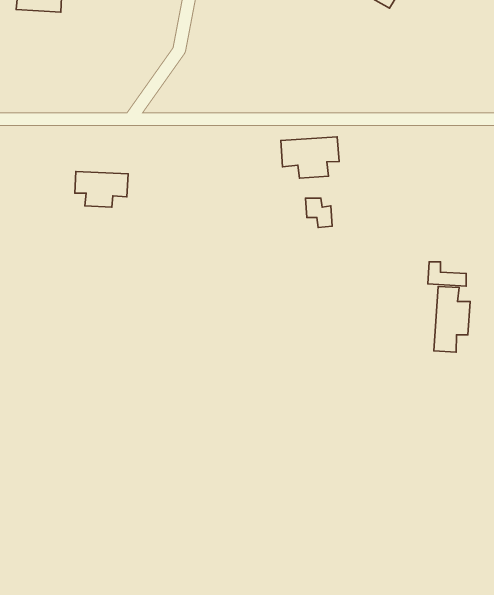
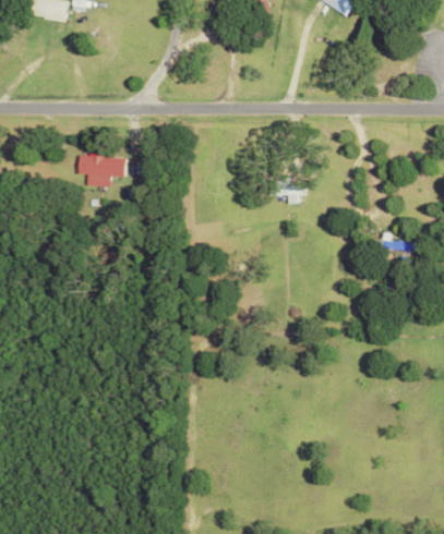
building: [281,137,339,178] -> none
building: [434,286,470,352] -> none

